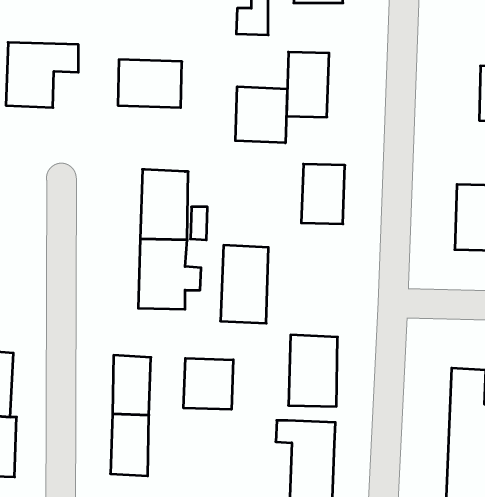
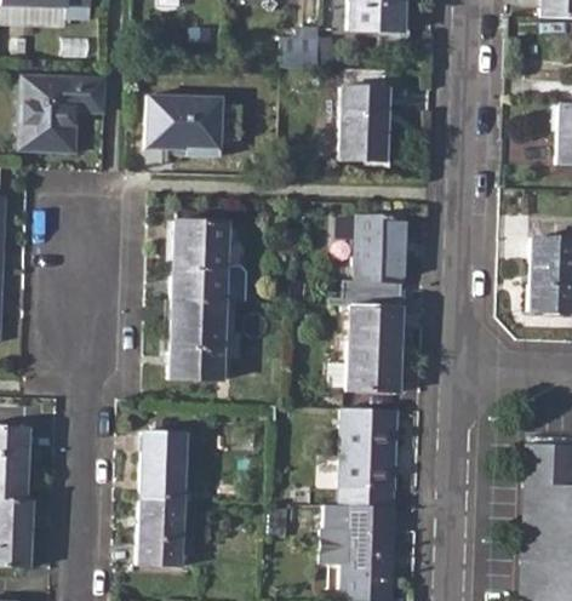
building: [235,87,287,143] -> none
building: [220,245,268,323] -> [347,304,401,393]
building: [184,358,233,409] -> none

